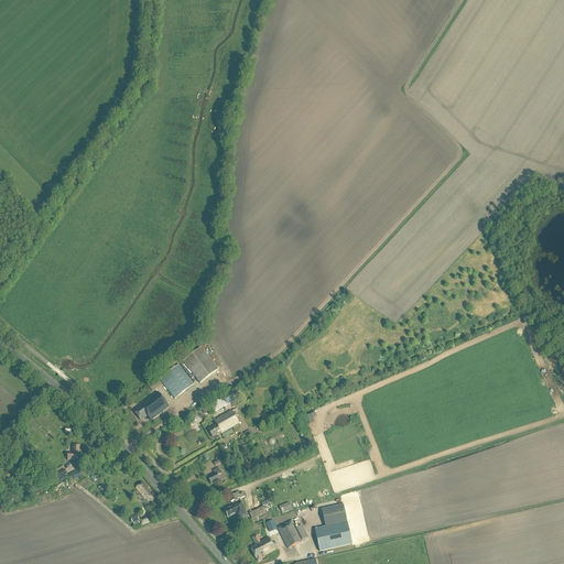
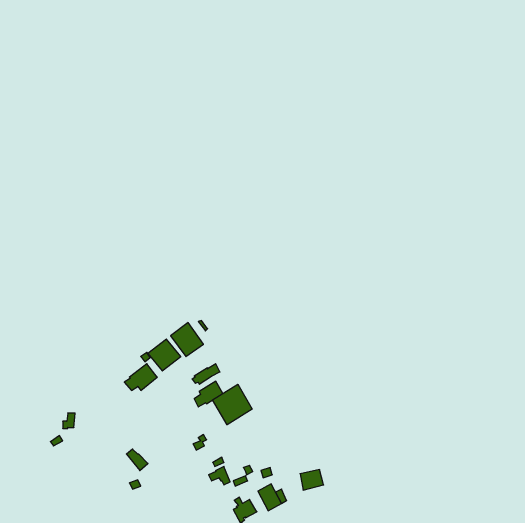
building: none -> [213,384,252,425]
building: [315,521,352,551] -> none

